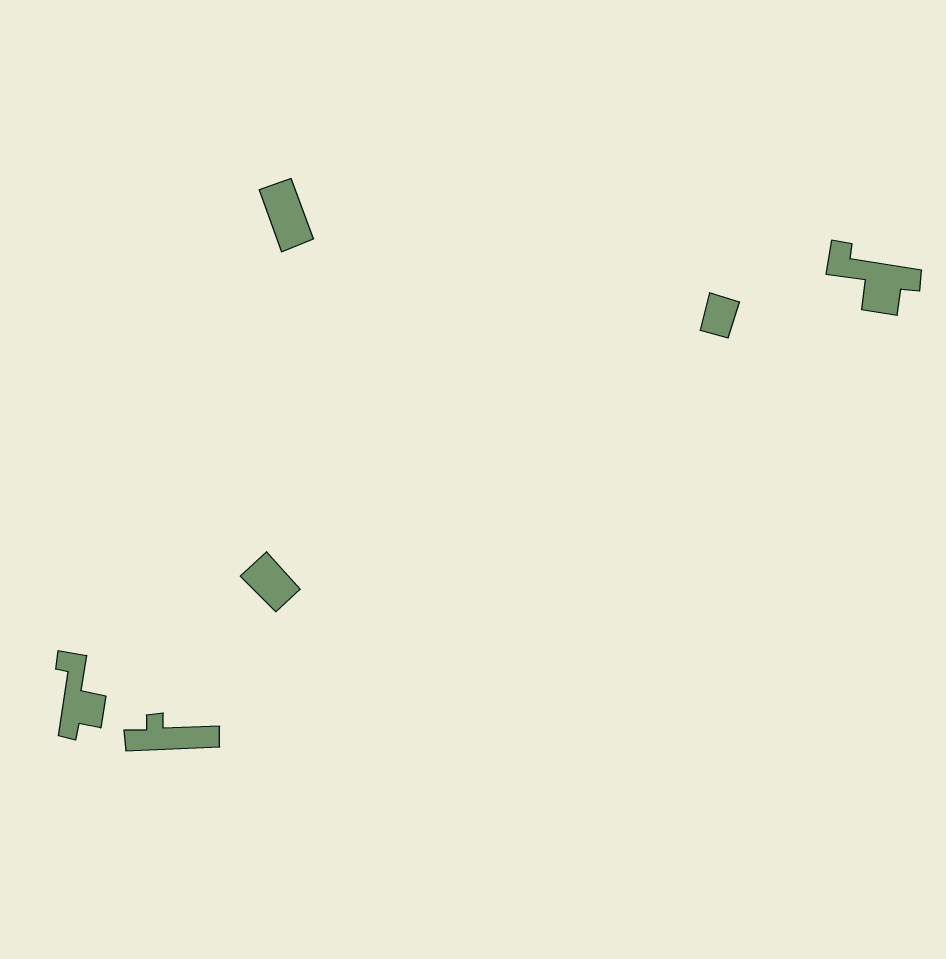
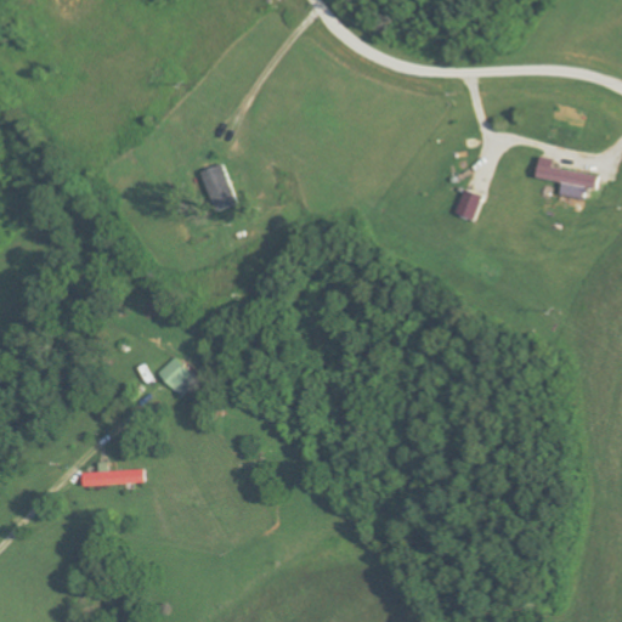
building: [259,179,314,252] -> [198,164,233,211]
building: [56,651,106,740] -> none

